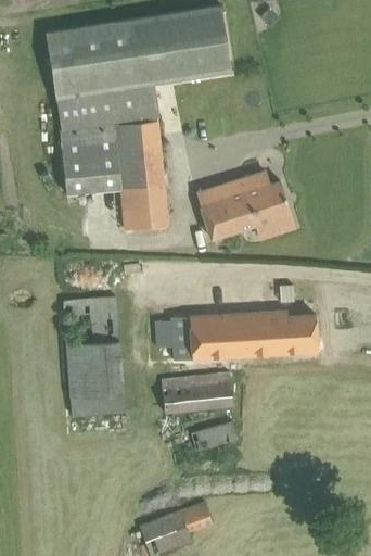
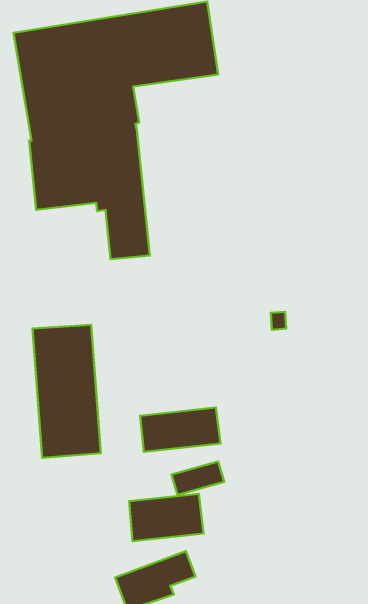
building: [196,173,295,238] -> none
building: [154,311,317,359] -> none
building: none -> [129,494,204,541]

